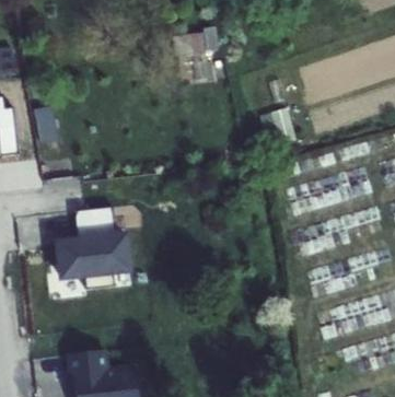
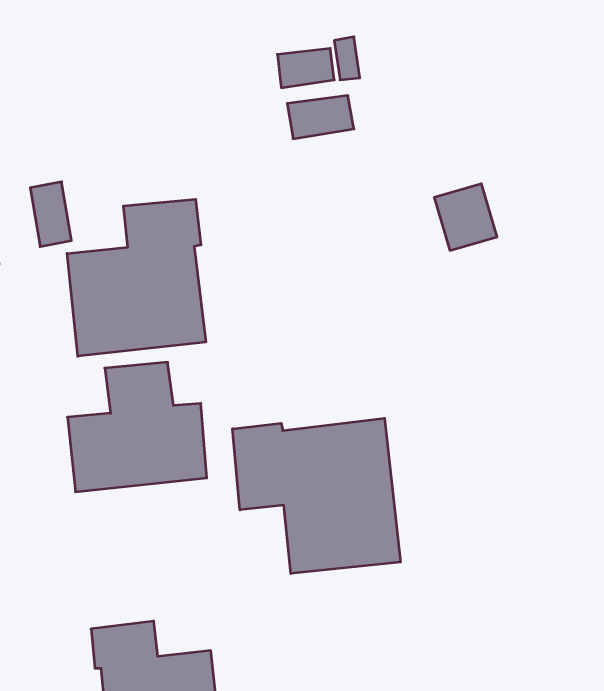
building: none -> [67,199,206,356]
building: none -> [233,418,400,574]

